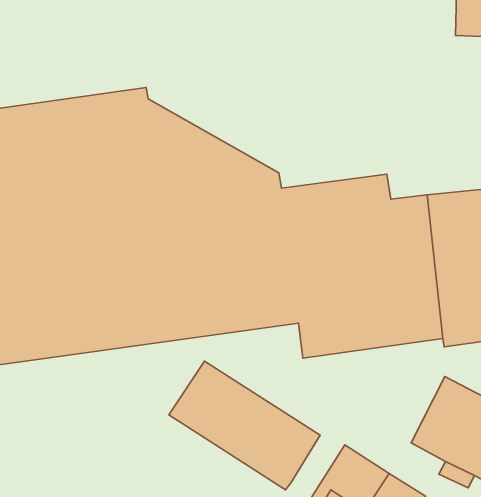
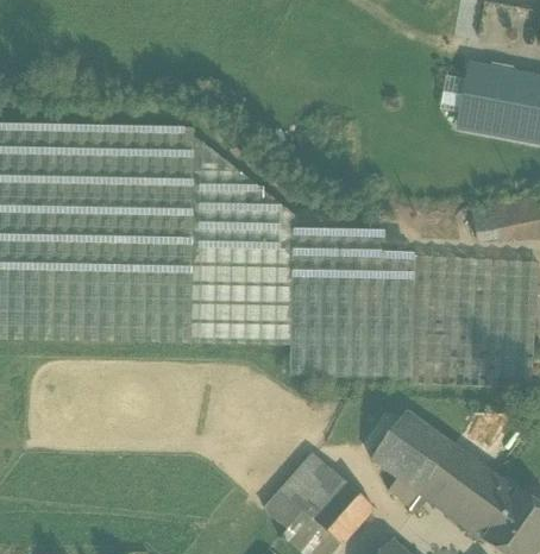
building: [169,361,320,490] -> none

